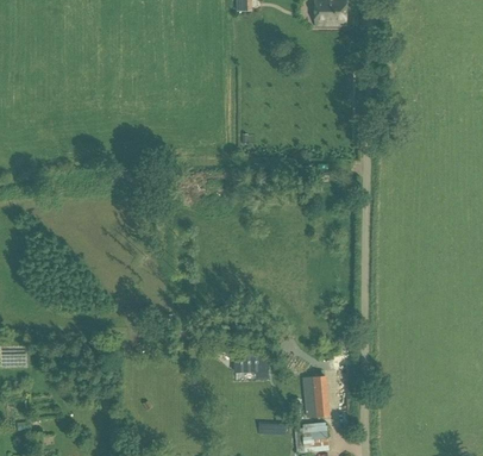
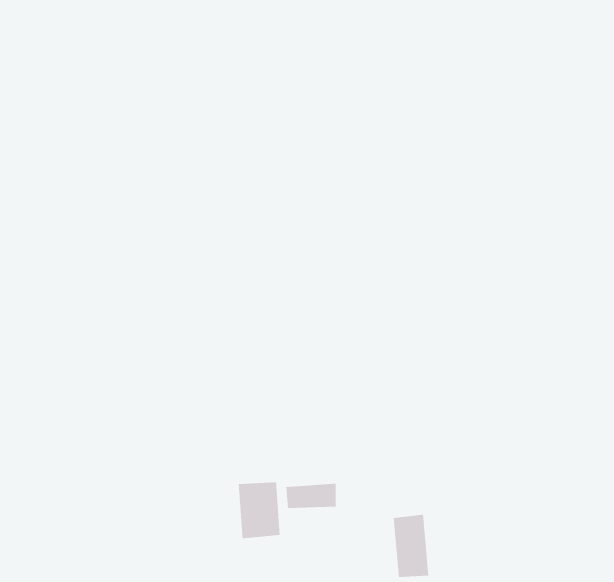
building: none -> [238,482,280,539]

